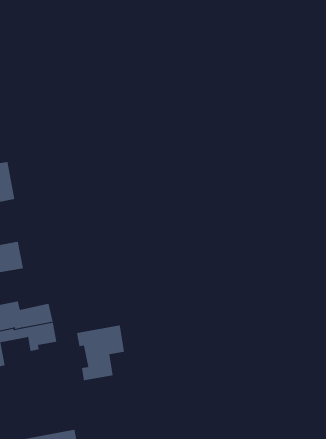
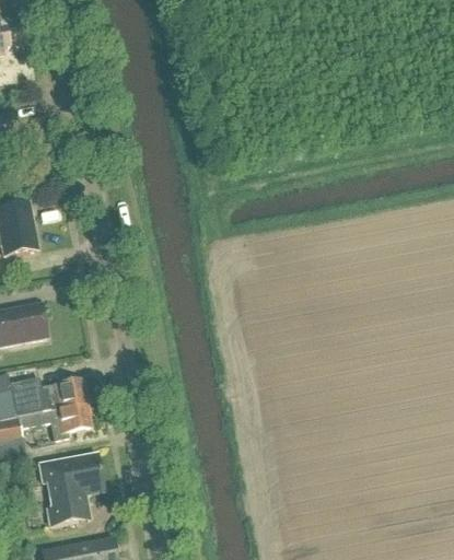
building: [76,325,125,381] -> [38,454,100,524]

